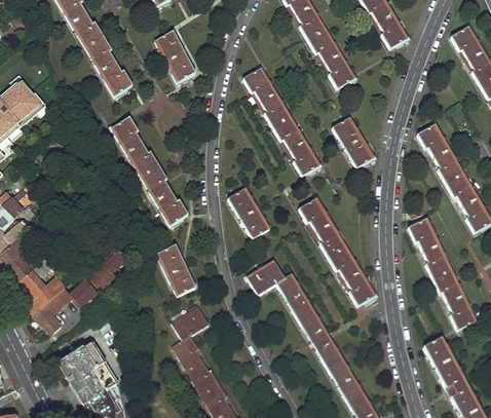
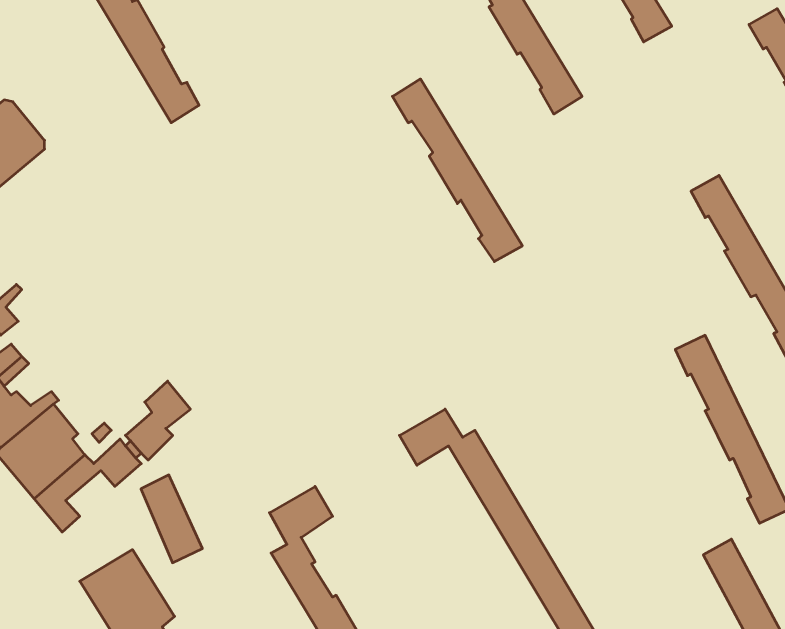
building: [155,31,194,80] -> none
building: [112,117,188,223] -> none
building: [334,117,373,165] -> none
building: [228,188,269,236] -> none
building: [300,197,375,304] -> none
building: [158,244,194,296] -> [141,475,202,563]

